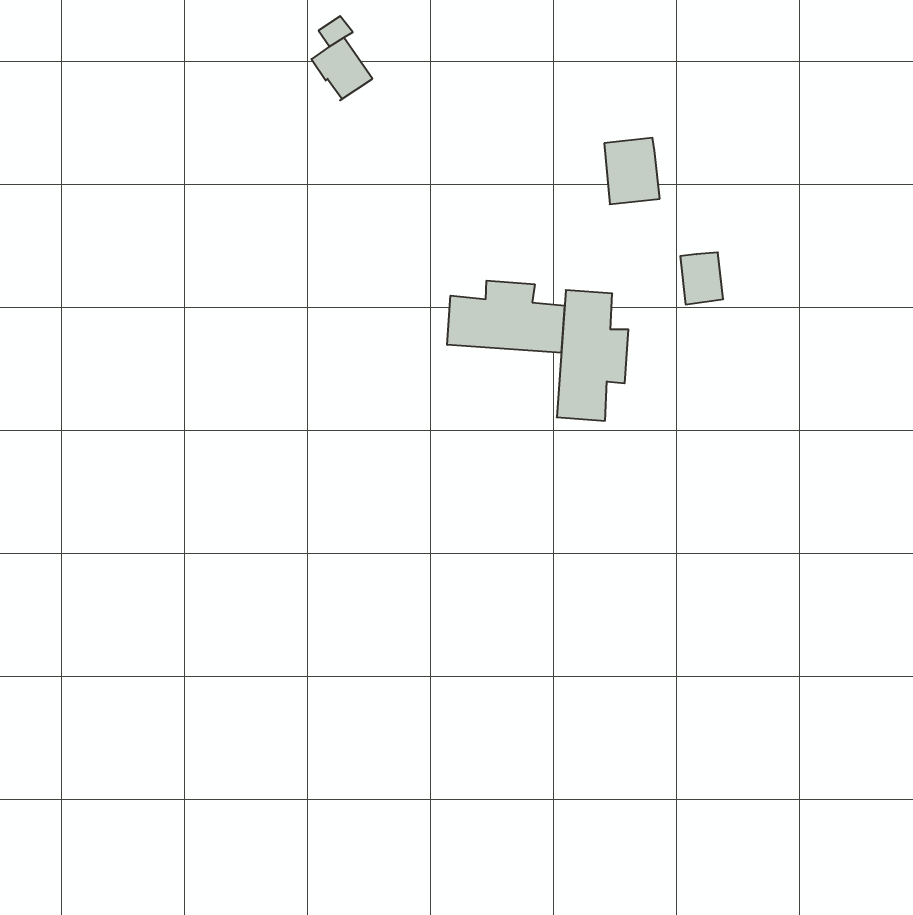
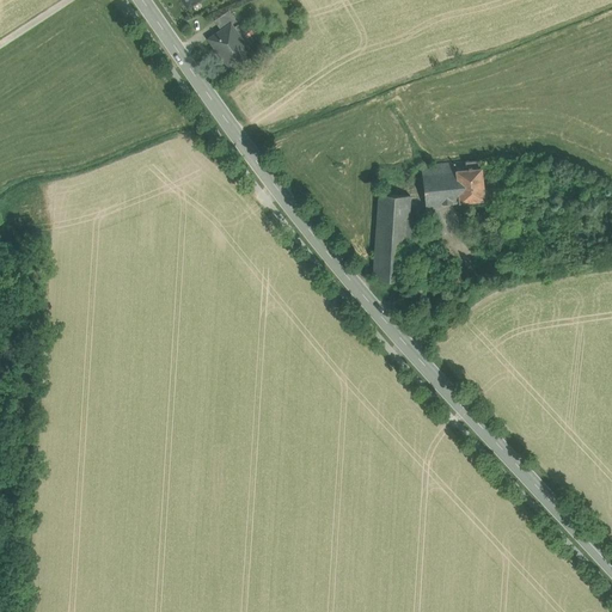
building: [604,138,660,204] -> [421,163,458,207]
building: [447,281,564,353] -> none

